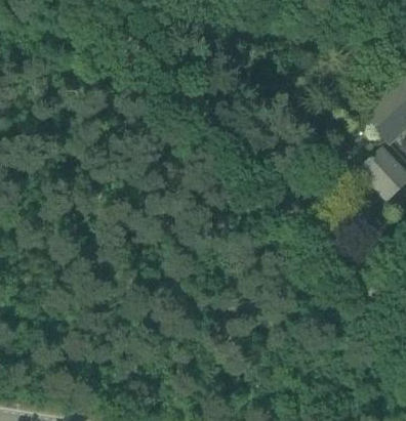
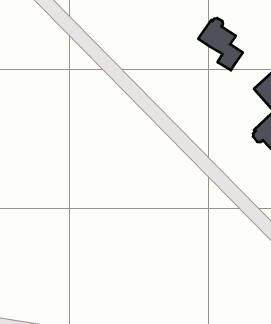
building: none -> [198,18,243,70]

